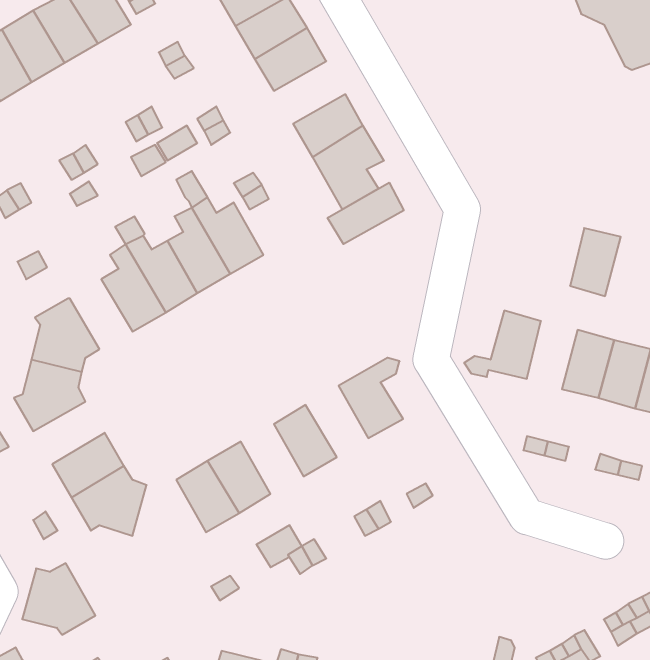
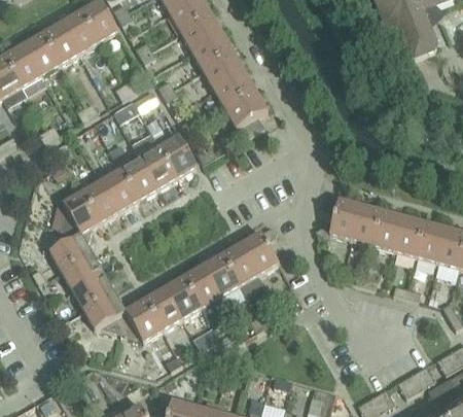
building: none -> [203,51,245,89]
building: [328,183,404,244] -> none
building: [570,228,621,296] -> [352,205,382,245]
building: none -> [77,177,119,221]
building: none -> [221,243,258,285]
building: none -> [61,252,103,289]
building: none -> [183,266,220,307]
building: [22,563,95,635] -> [119,299,163,341]

